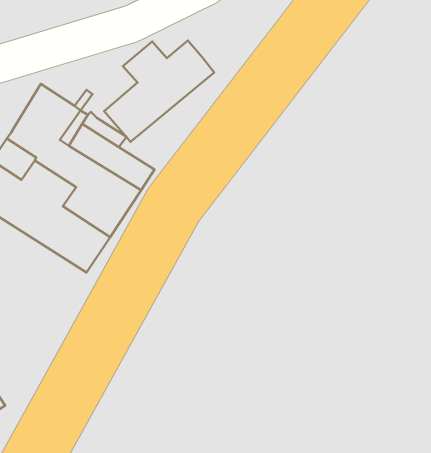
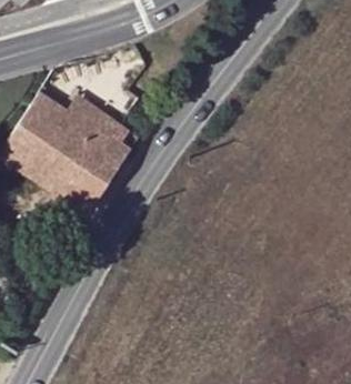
building: [104,41,214,142] -> none

